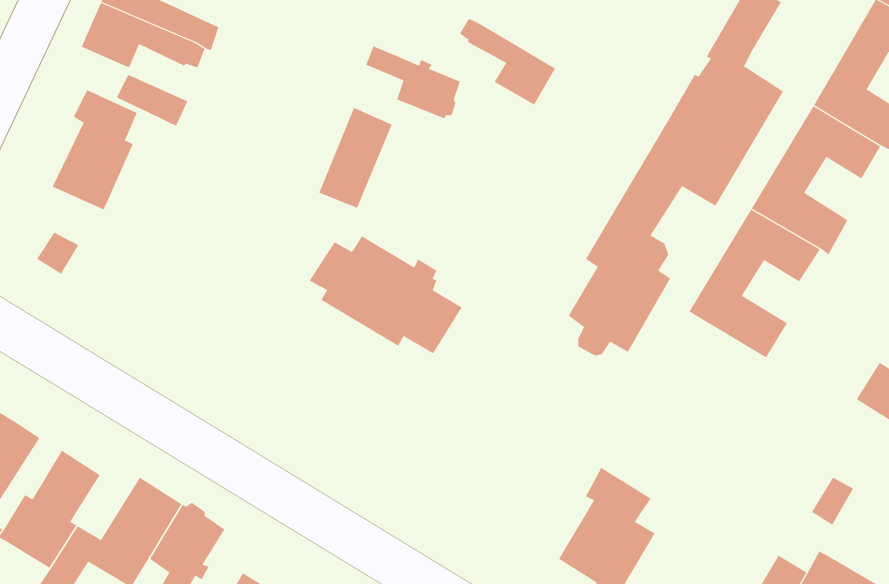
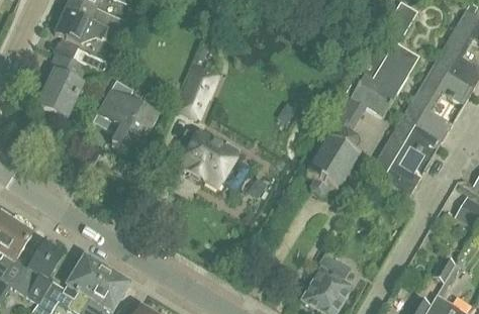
building: [459,18,556,105] -> none
building: [366,45,461,119] -> none
building: none -> [93,80,158,151]

